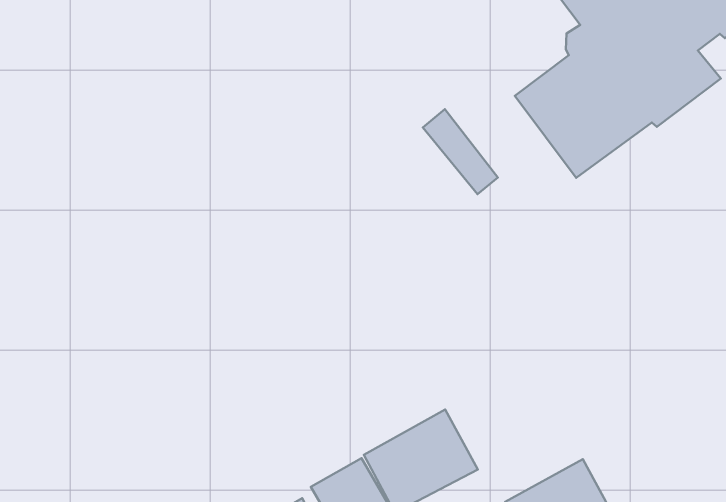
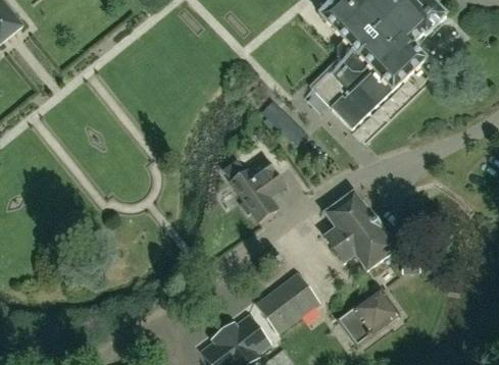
building: none -> [219,156,286,223]
building: none -> [321,191,396,273]

